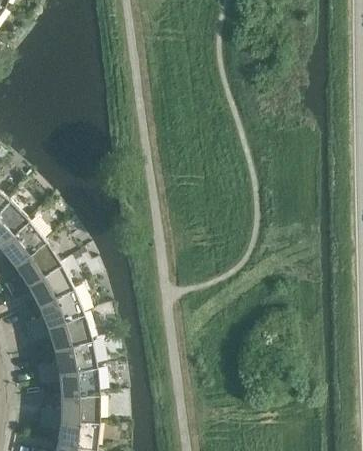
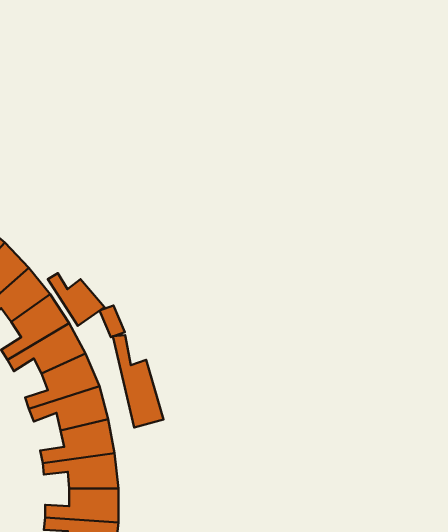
building: none -> [48,273,104,326]
building: none -> [113,335,164,427]

